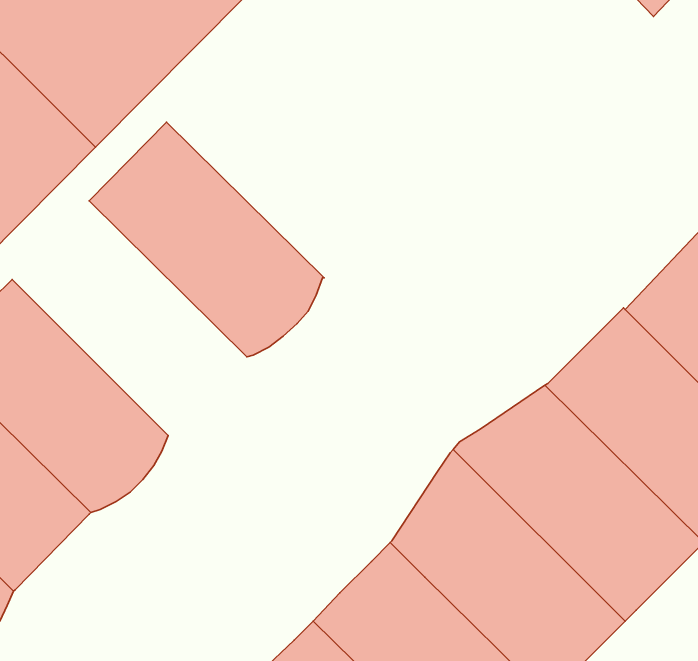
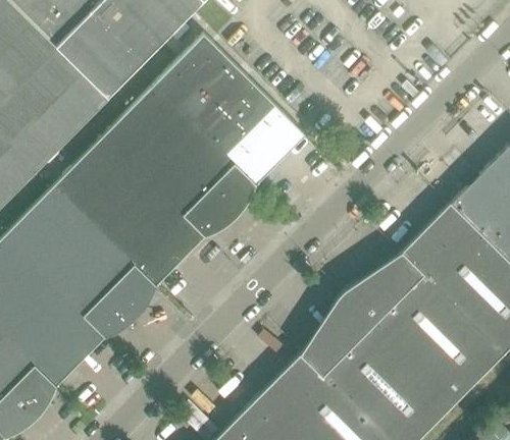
building: none -> [156,33,307,182]
building: none -> [56,132,208,284]

